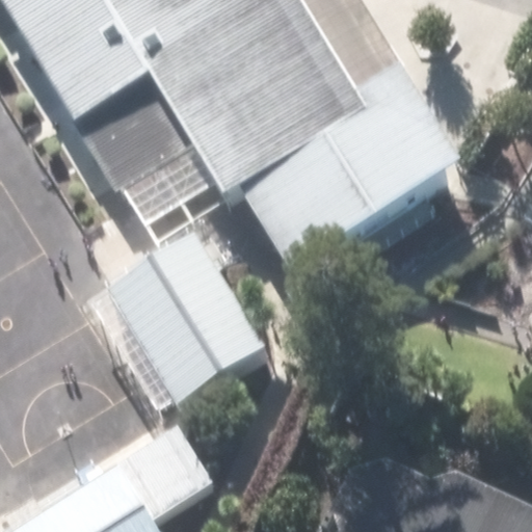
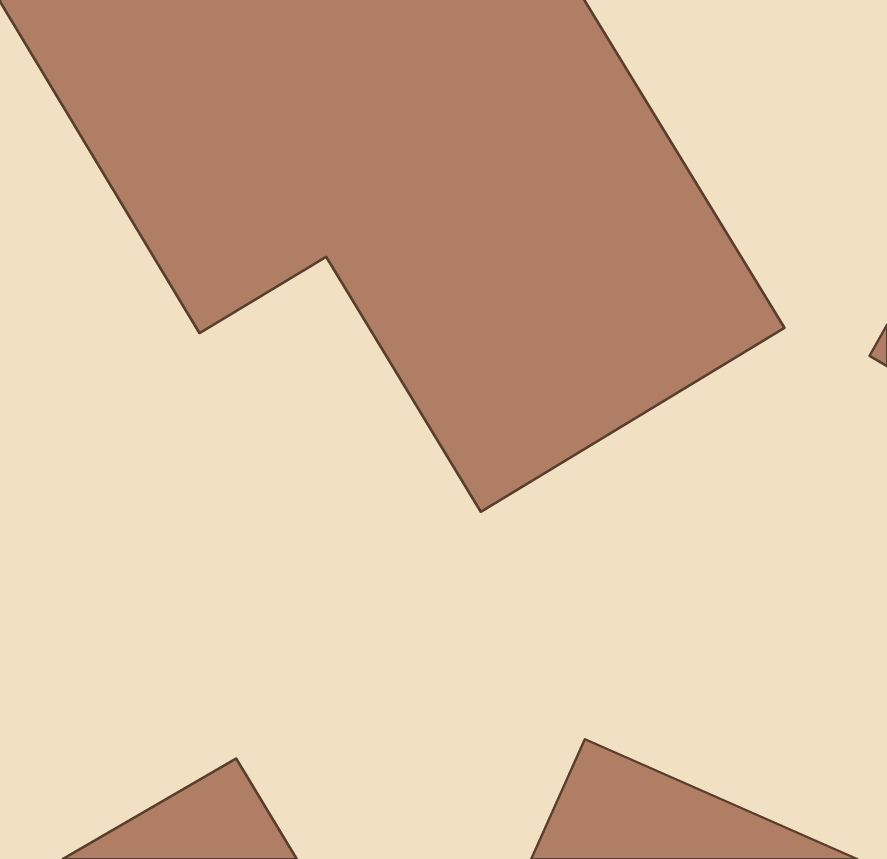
building: [104,238,284,435] -> none

